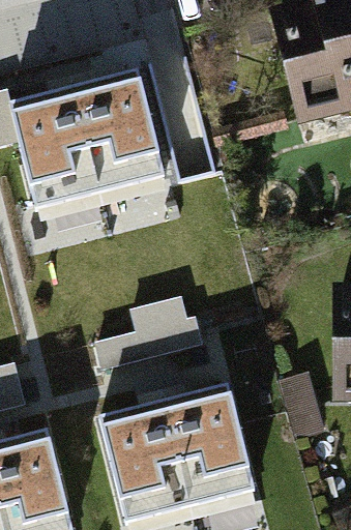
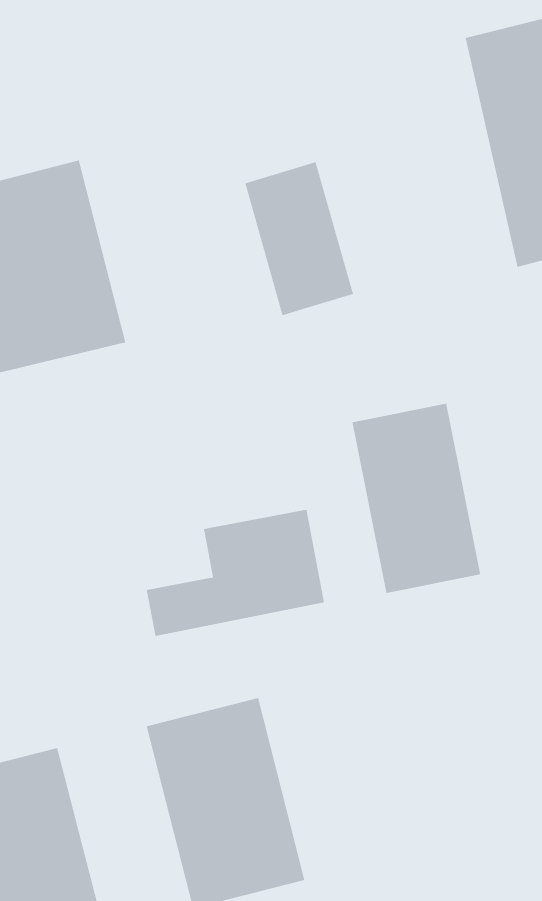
building: [61,73,165,199] -> none
building: none -> [352,403,481,594]
building: [165,387,257,509] -> none

